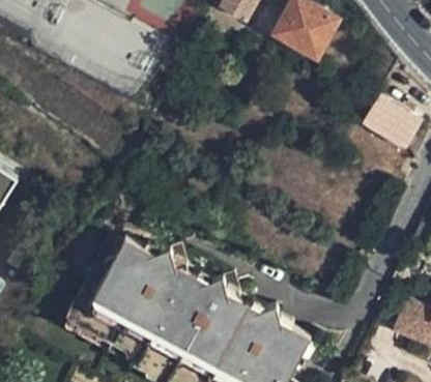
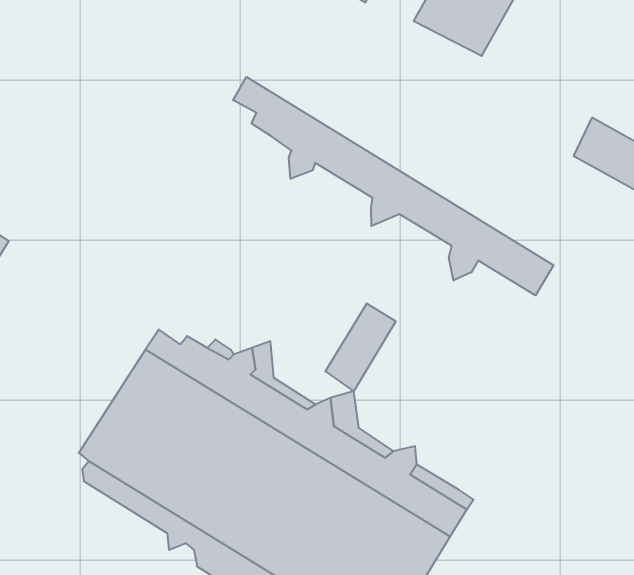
building: none -> [233,77,554,295]
building: none -> [325,303,396,391]

